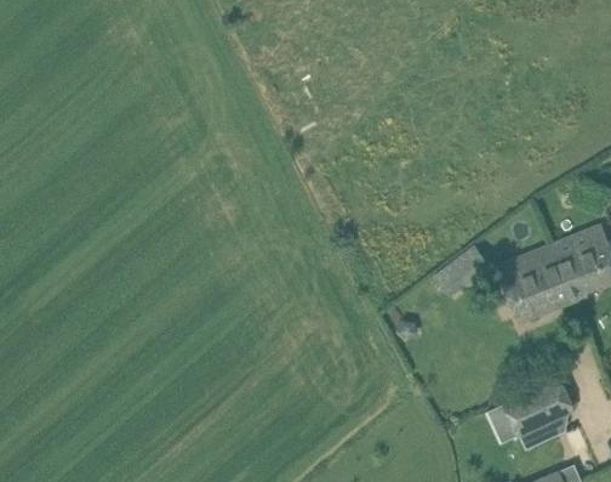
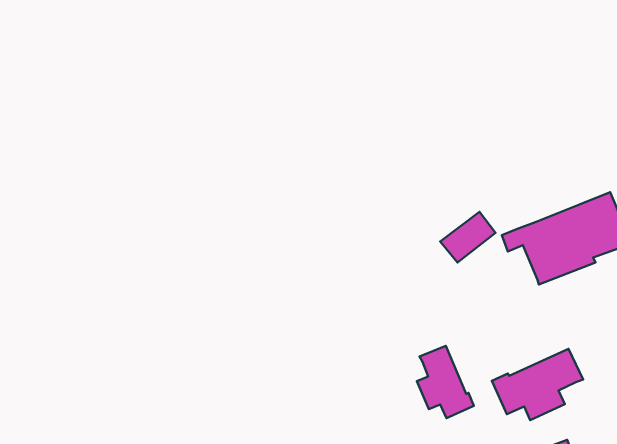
building: none -> [417,346,474,418]

